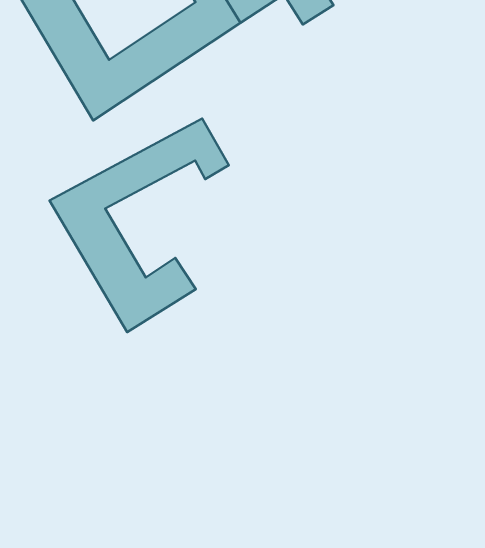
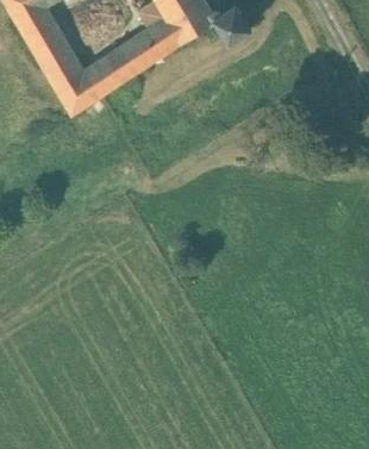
building: [49,118,229,332] -> none

